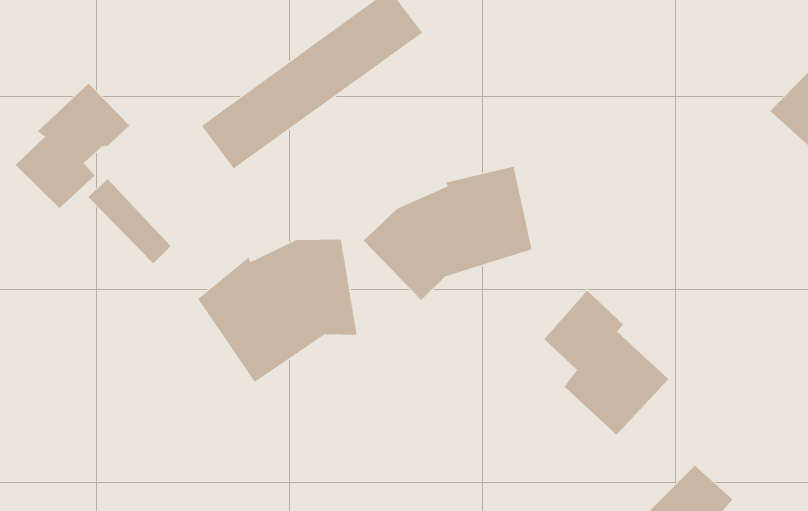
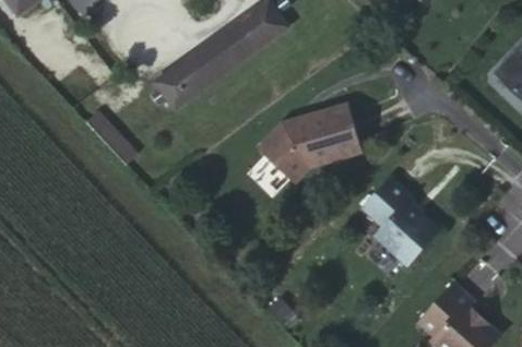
building: [15,83,130,209] -> none
building: [197,239,358,383] -> none

